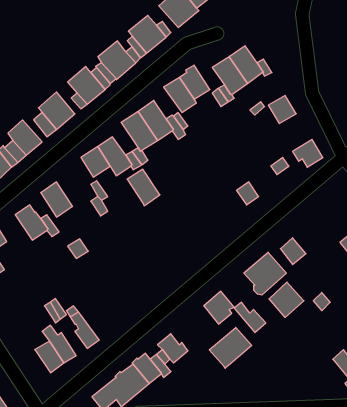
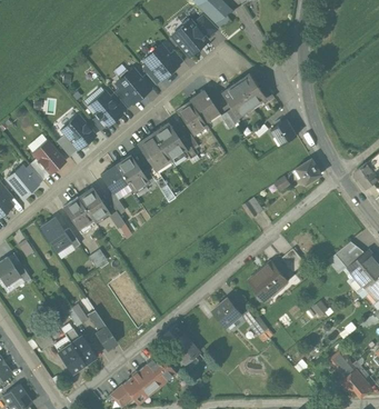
building: [127,169,160,206] -> [78,189,108,222]
building: [269,282,304,317] -> none
building: [209,327,252,368] -> none

